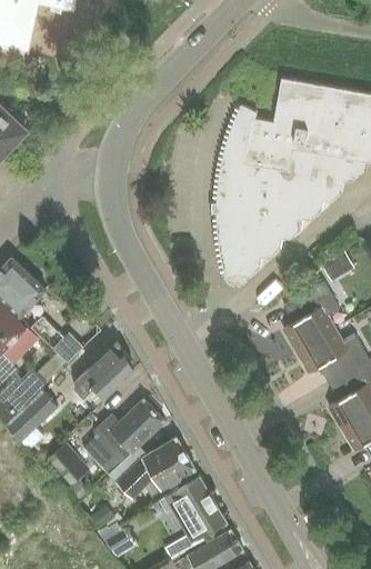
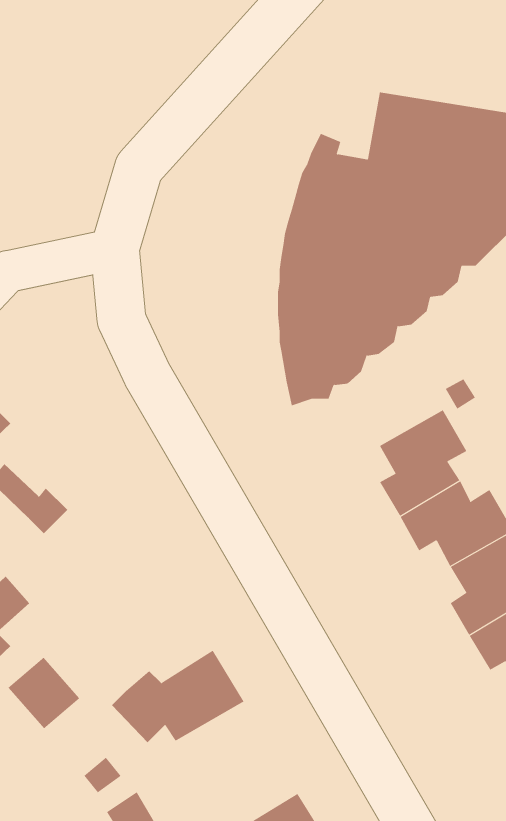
building: [74,339,134,403] -> none
building: [93,398,163,462] -> none
building: [158,476,225,541] -> none

